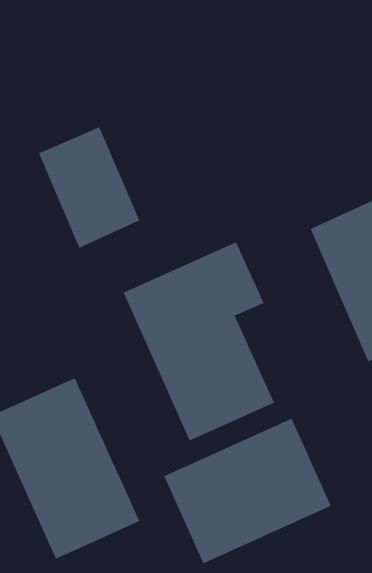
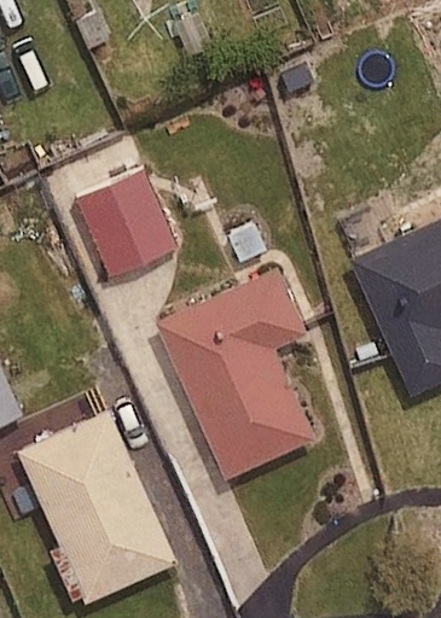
building: [163,418,332,564] -> none

